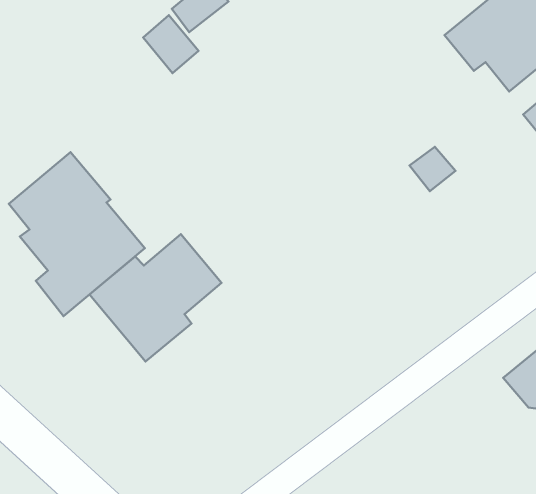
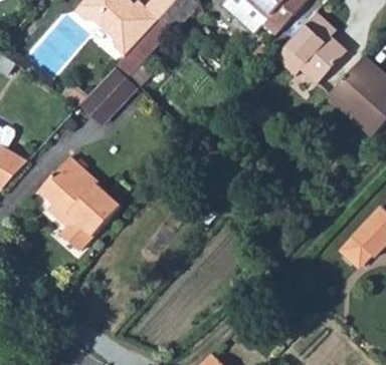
building: none -> [80,84,122,124]
building: [90,234,221,361] -> none

